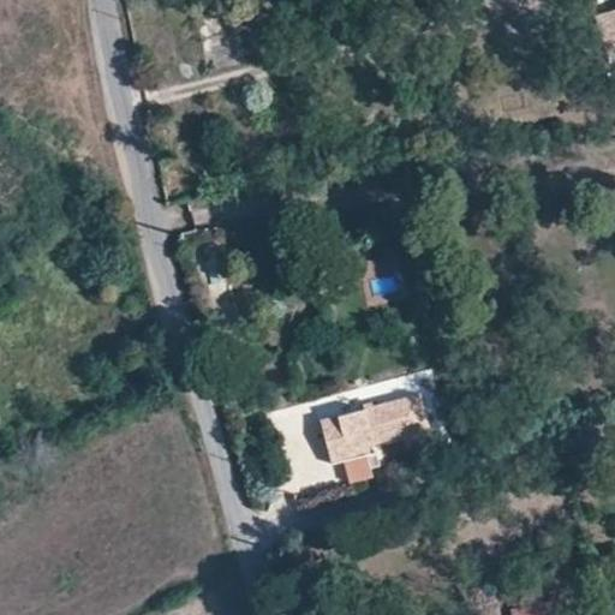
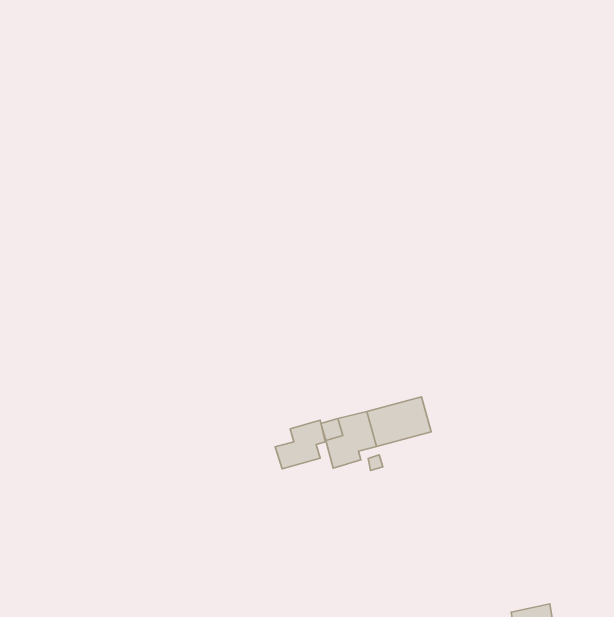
building: none -> [275,420,325,469]

